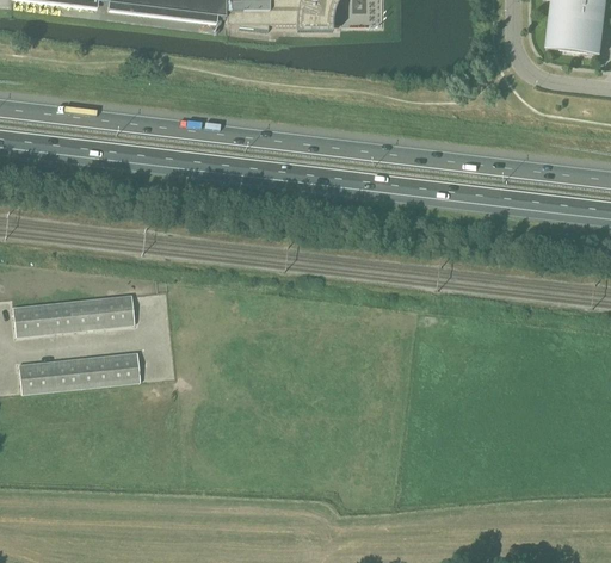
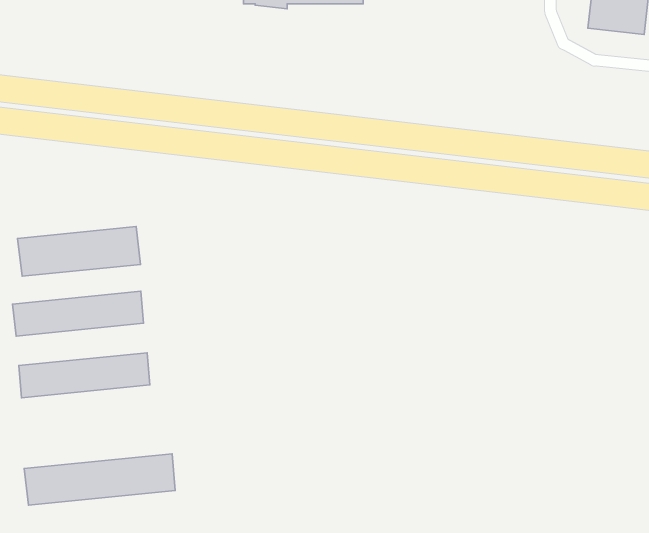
building: none -> [18,227,141,276]
building: none -> [24,454,175,505]

